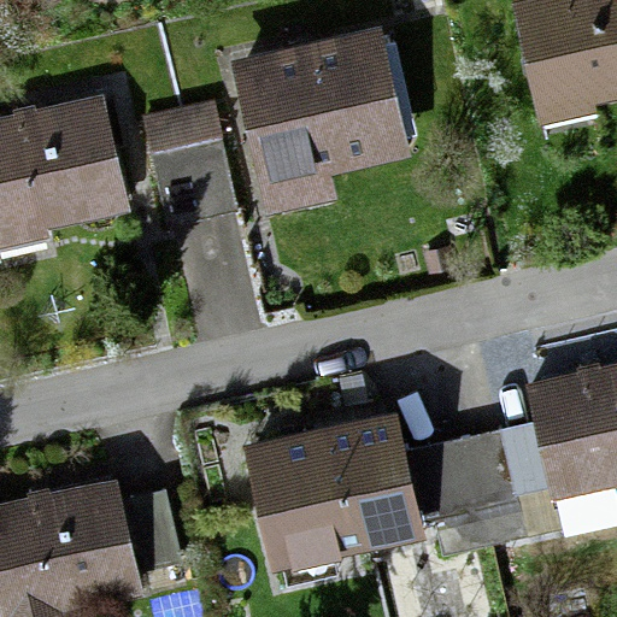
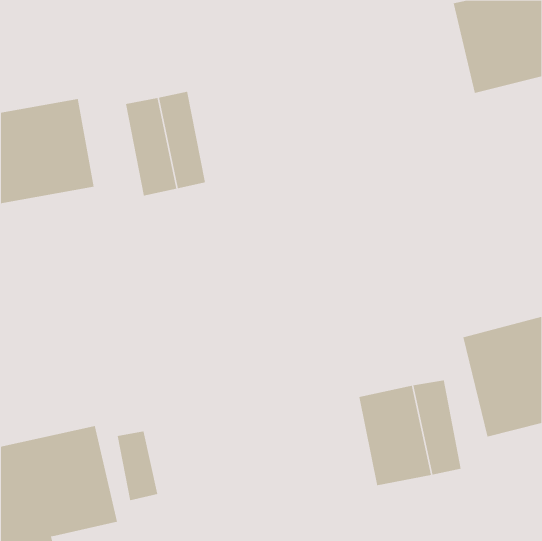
building: [242,34,400,169] -> none
building: [251,416,410,559] -> none

